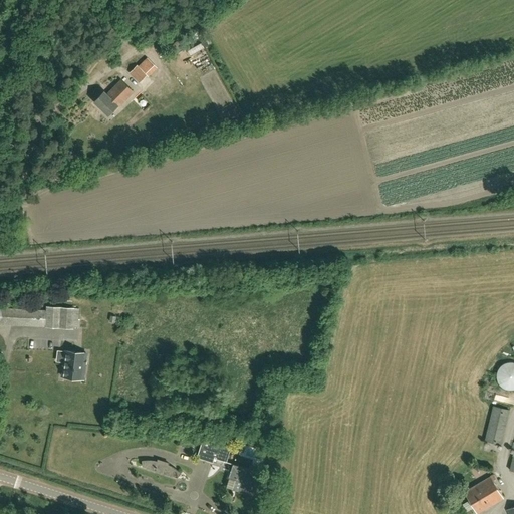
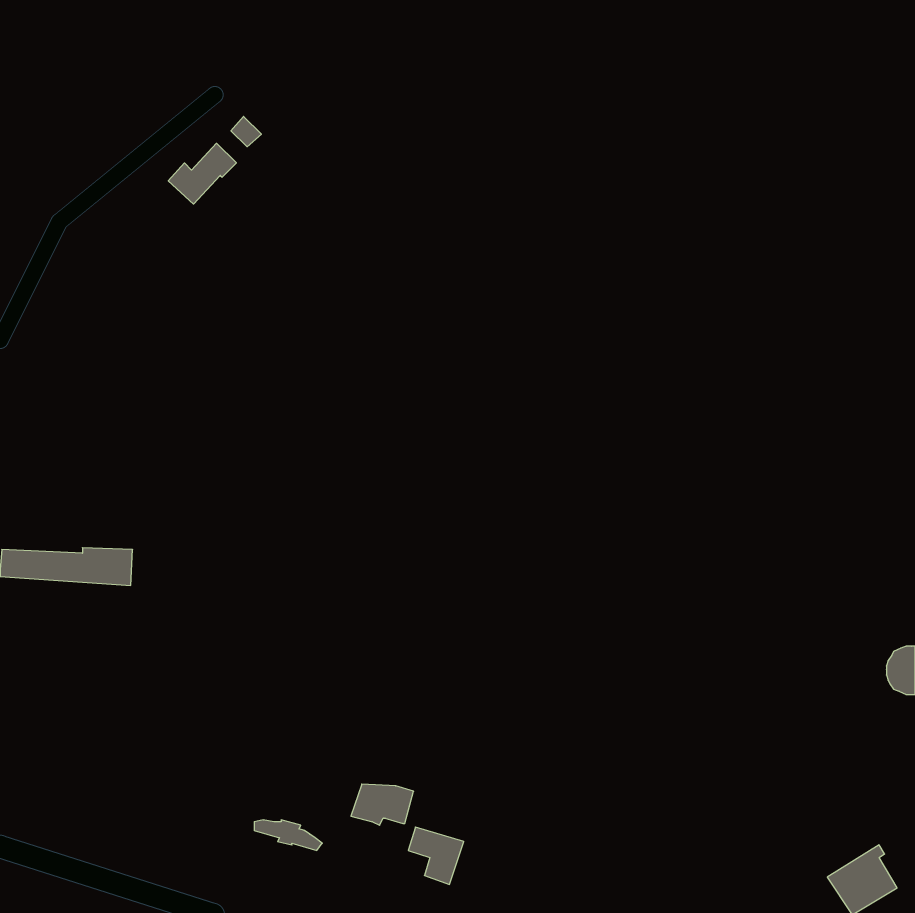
building: [62,353,86,381] -> none
building: [485,407,509,446] -> none

